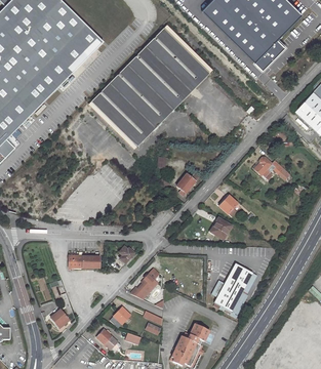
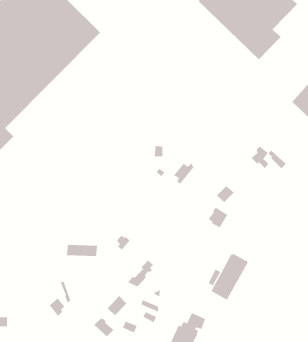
building: [91,28,209,146] -> none

